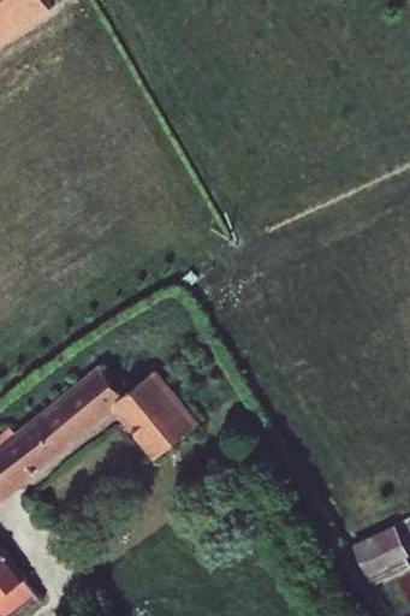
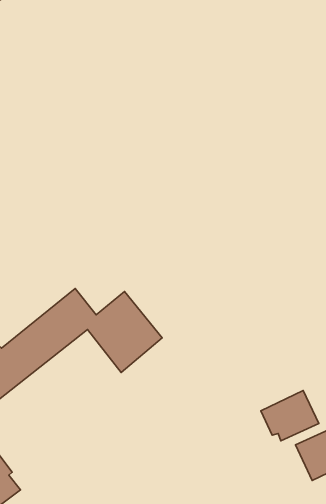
building: none -> [261,390,319,441]

